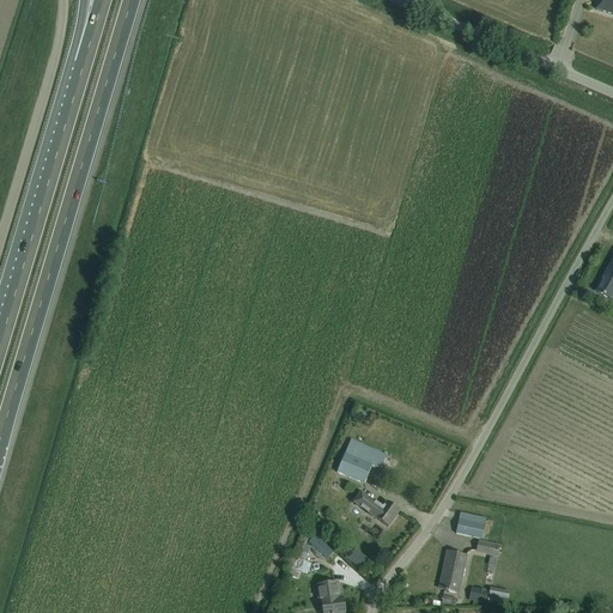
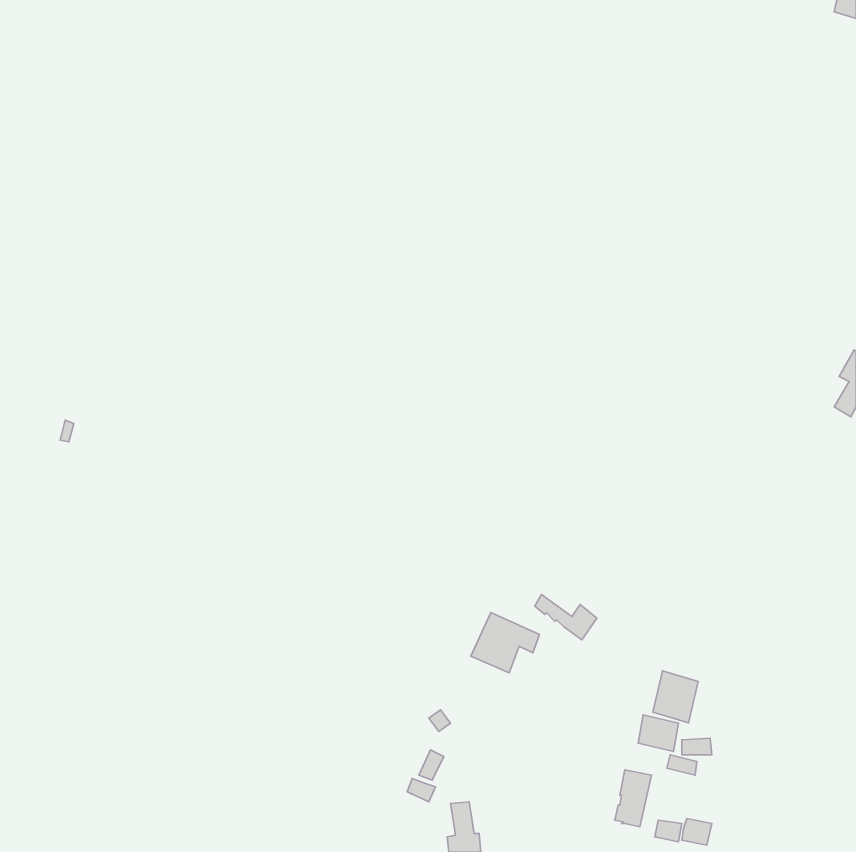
building: none -> [653,671,698,723]
building: [354,493,399,526] -> [535,595,597,640]

